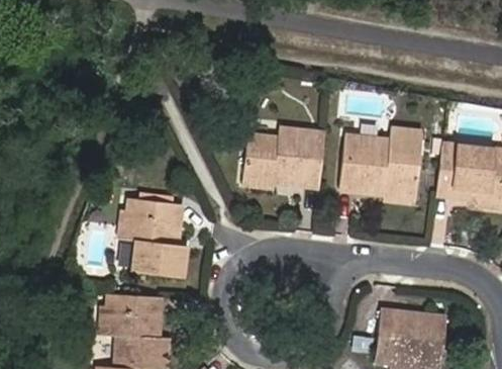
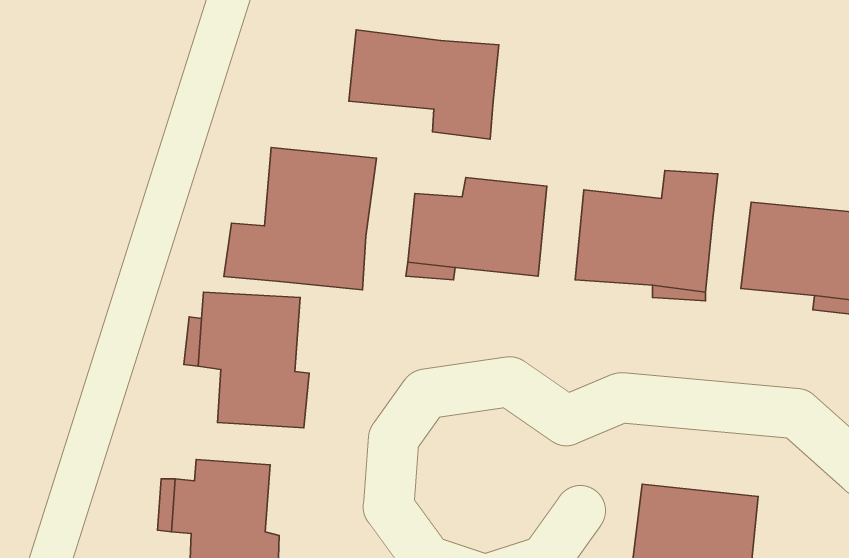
building: none -> [349,30,499,139]
building: none -> [224,147,376,290]

